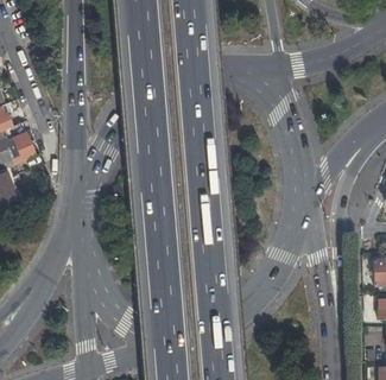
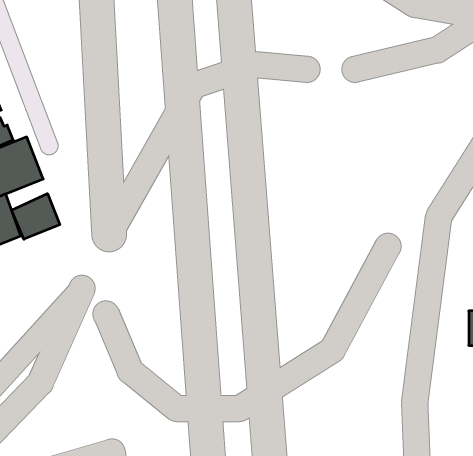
building: none -> [11,194,60,239]

